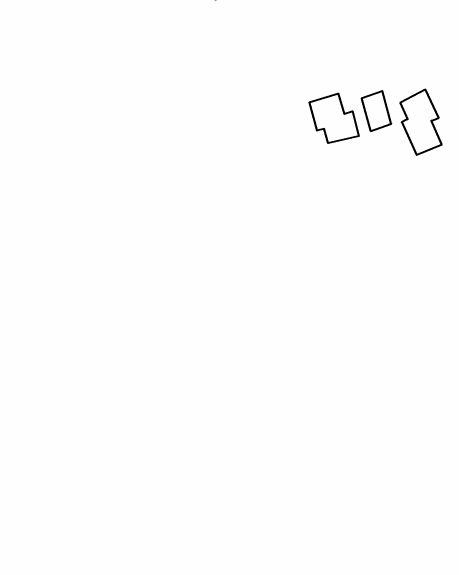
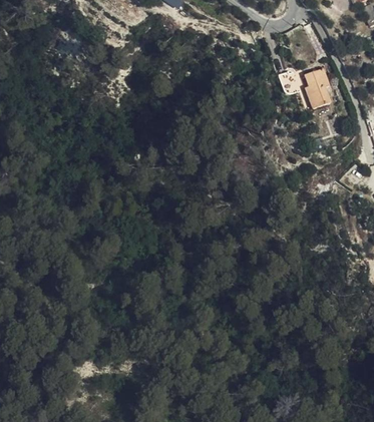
building: [309,94,359,143] -> none

